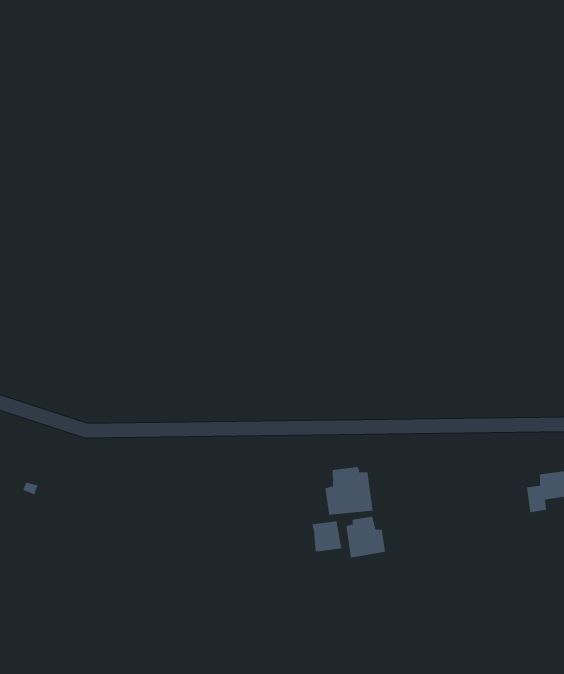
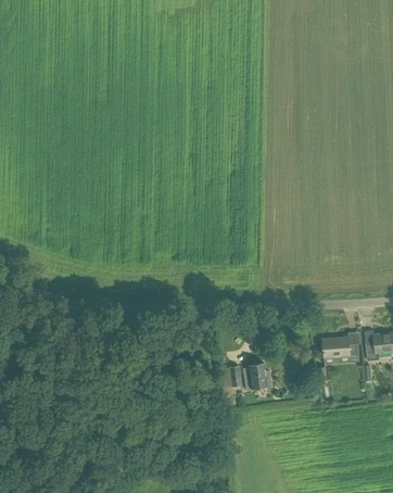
building: [325,466,373,515] -> none
building: none -> [319,336,356,361]

